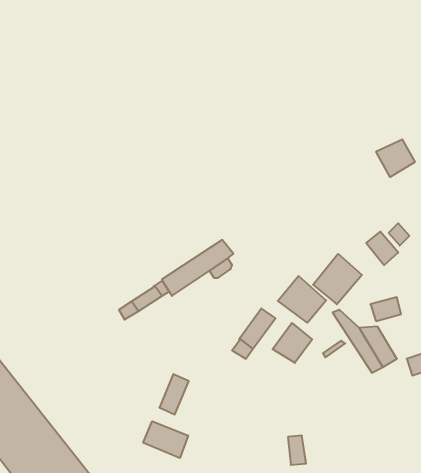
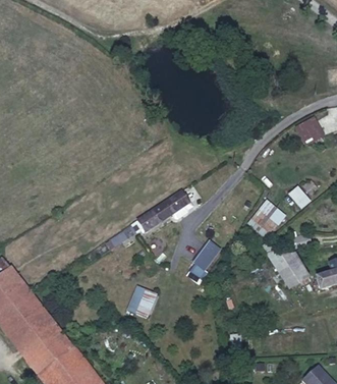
building: [278,276,326,323] -> none
building: [273,323,312,363] -> none
building: [143,421,188,458] -> none

